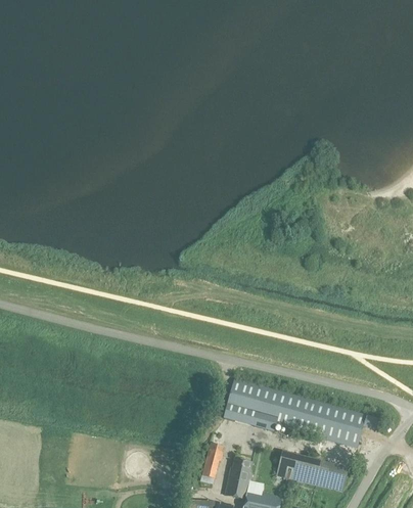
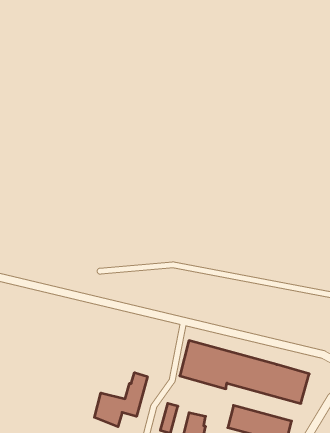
building: none -> [94,373,147,427]

